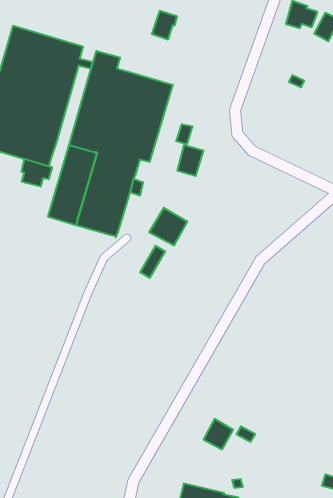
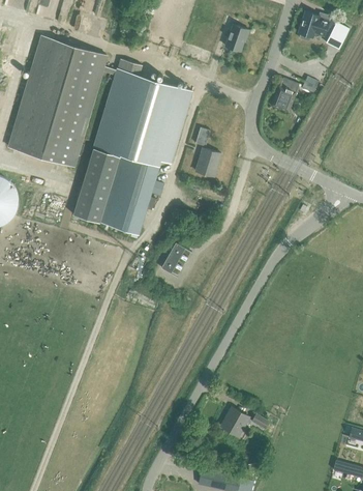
building: [152,11,177,39] -> [224,25,248,52]
building: none -> [270,79,299,113]
building: [22,159,52,187] -> none
building: [149,208,187,245] -> none

